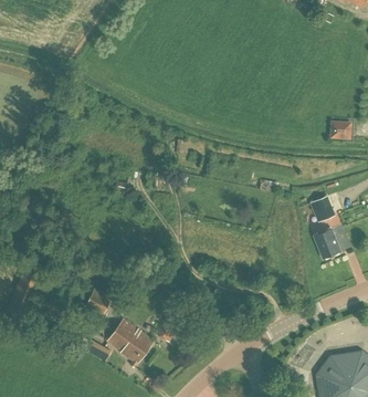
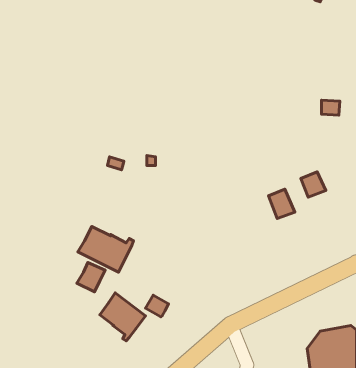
building: [314,228,340,258] -> [269,189,295,219]
building: none -> [78,226,133,272]

